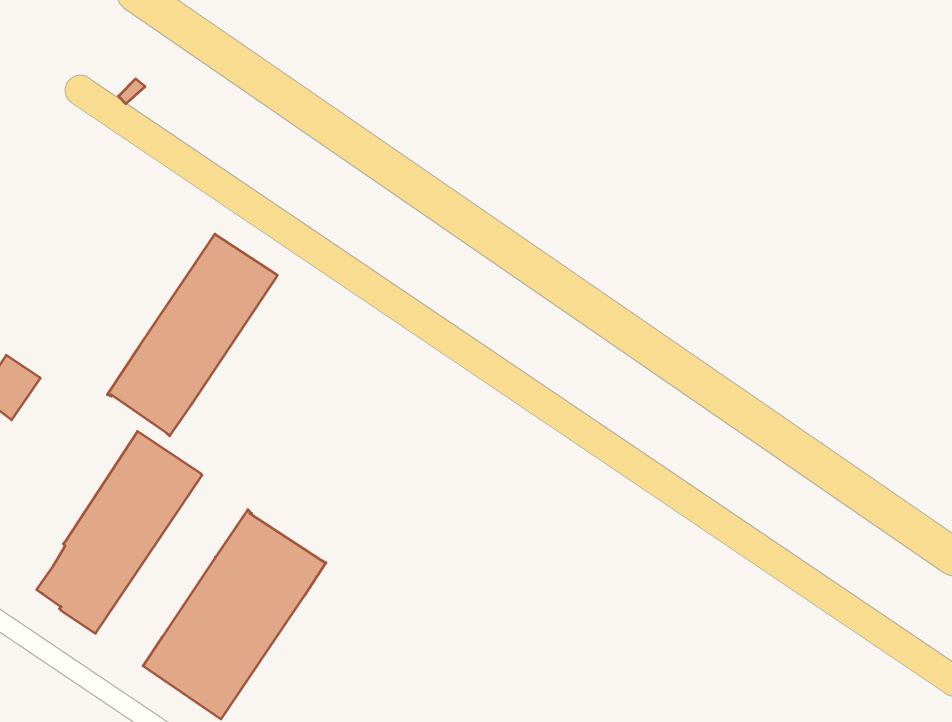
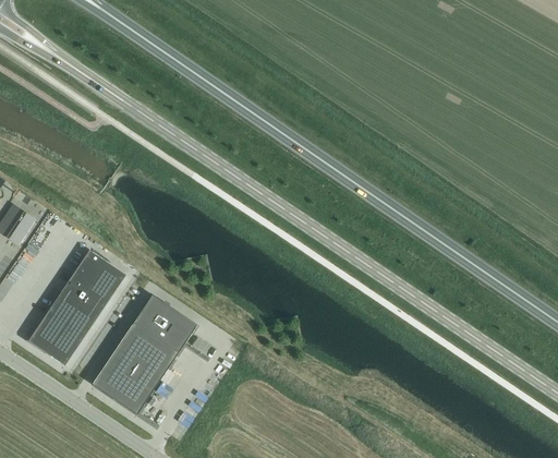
building: [107,234,277,436] -> none

